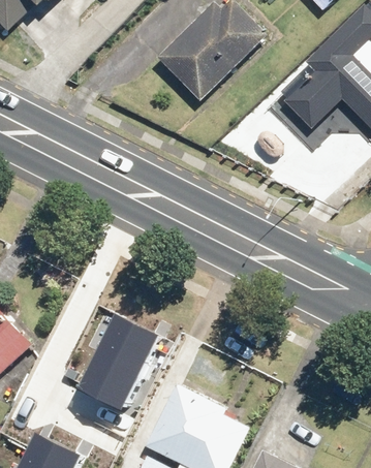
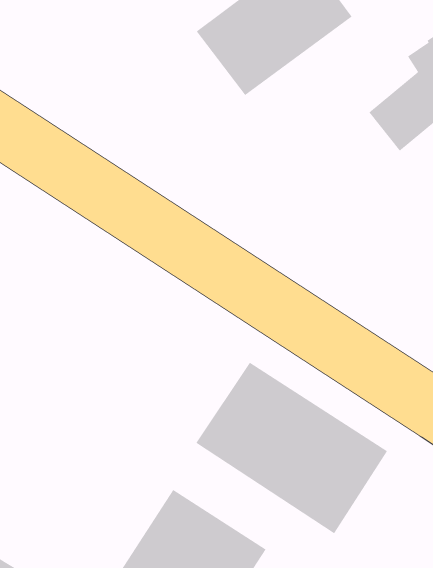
building: none -> [196,362,388,534]
building: [78,314,158,410] -> none

